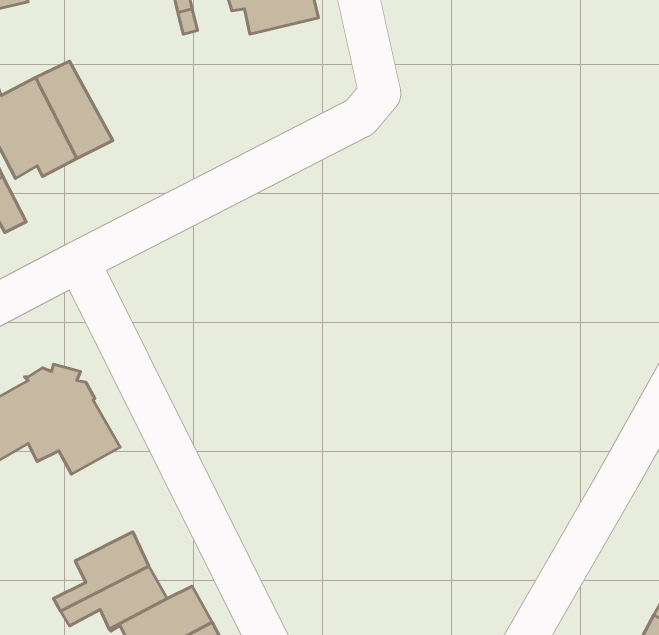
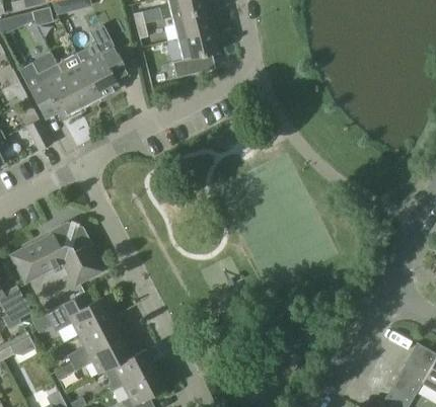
building: none -> [173,29,217,78]
building: none -> [76,31,131,98]
building: none -> [45,292,112,334]

